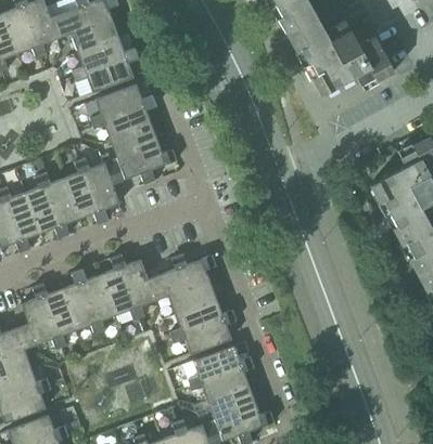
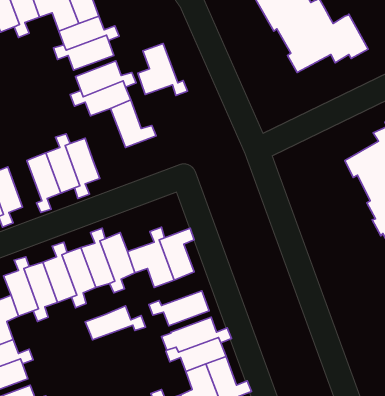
building: [104,131,155,184] -> [138,43,187,95]
building: [25,171,60,232] -> none
building: [175,298,237,332] -> [85,306,146,340]

